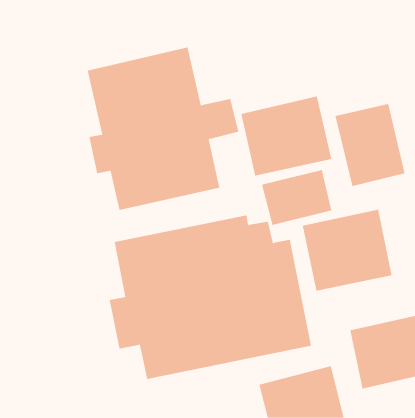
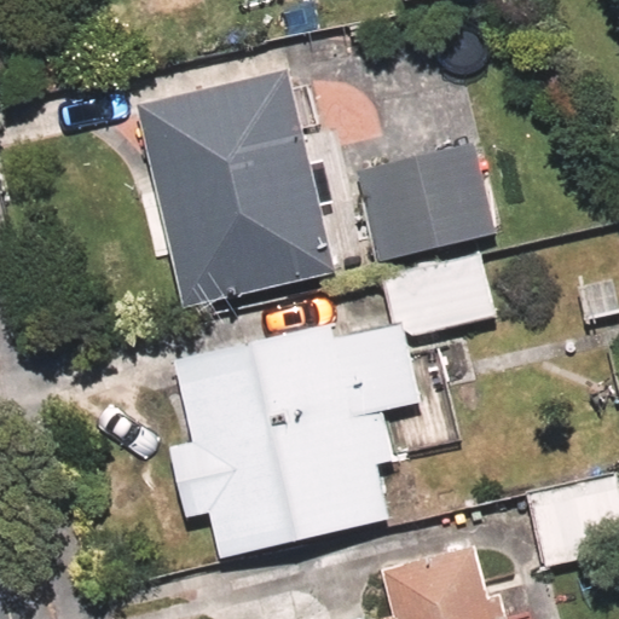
building: [335,103,405,187] -> none
building: [302,209,392,291] -> none

